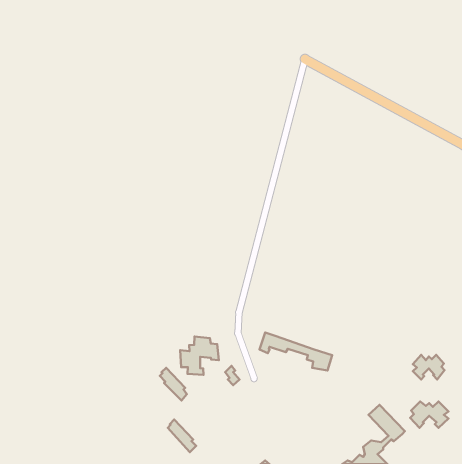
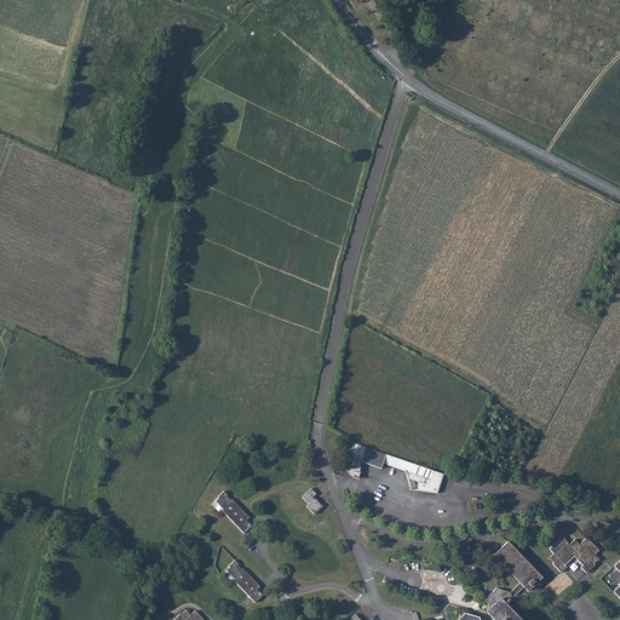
building: [180,337,219,375] -> none
building: [413,355,445,379] -> none

